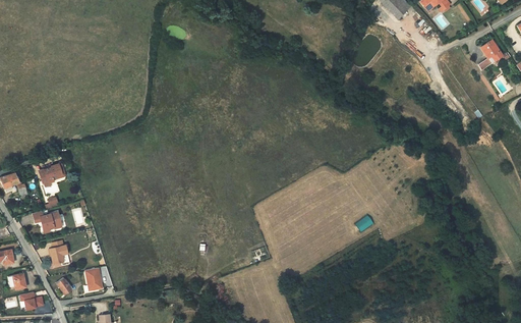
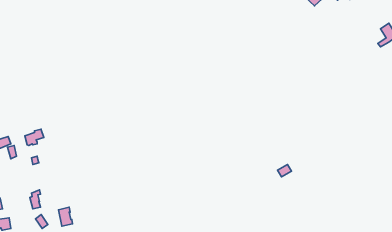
building: [34,216,64,238] -> none

